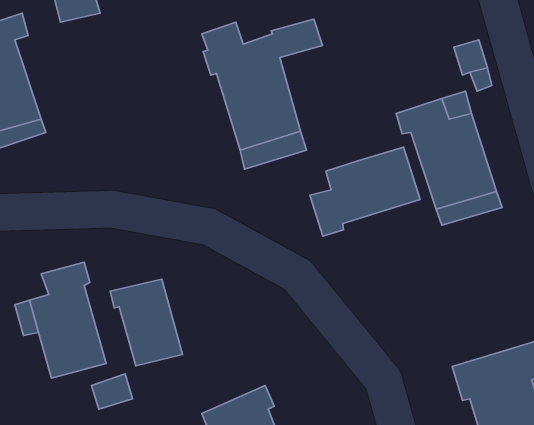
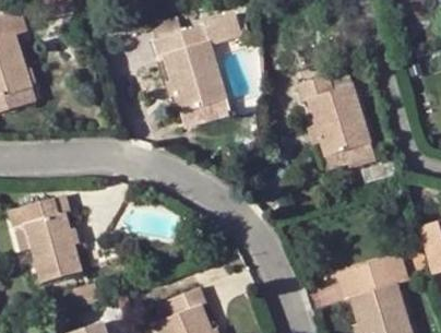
building: [310,147,420,236] -> none
building: [110,279,182,366] -> none

